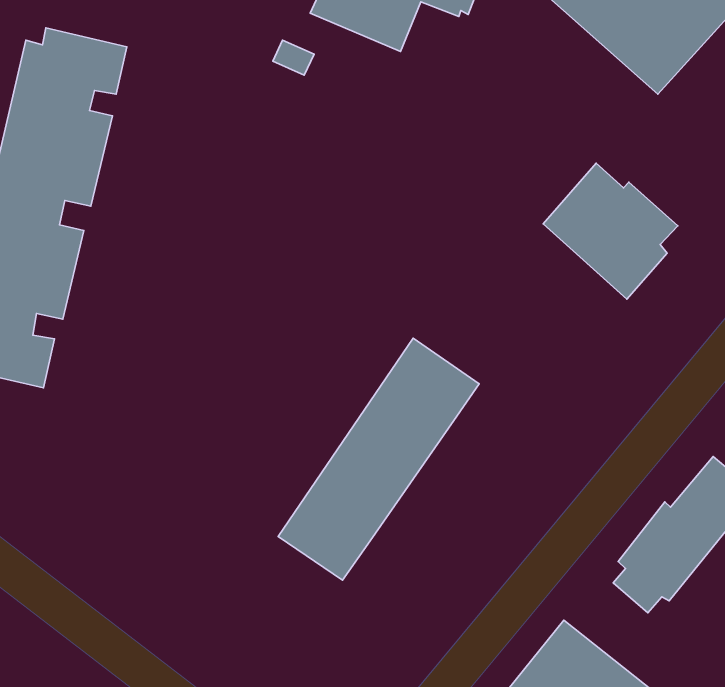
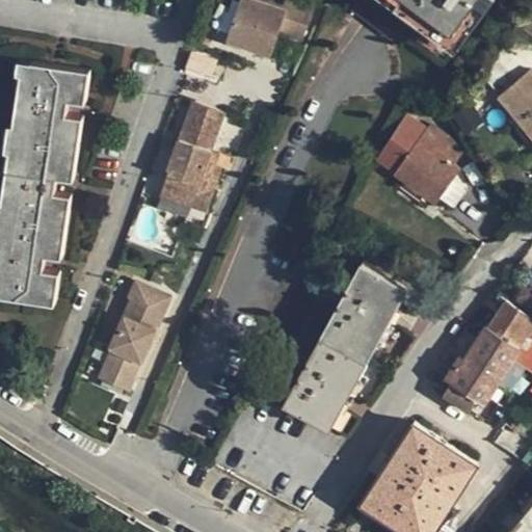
building: none -> [154,108,218,217]
building: [278,338,479,580] -> [284,263,407,428]
building: none -> [100,280,169,388]

